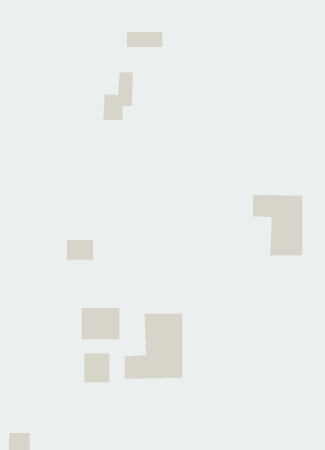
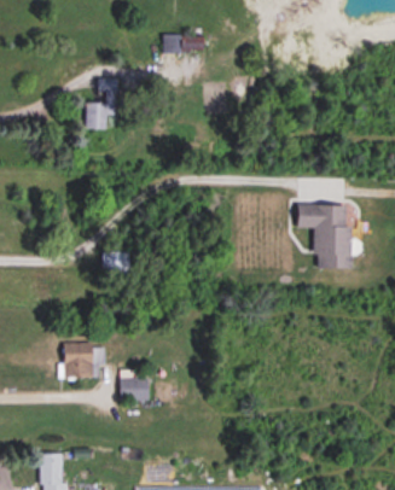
building: [103,72,134,120] -> [86,77,118,128]
building: [81,308,120,340] -> [63,343,104,377]
building: [124,313,183,380] -> none

